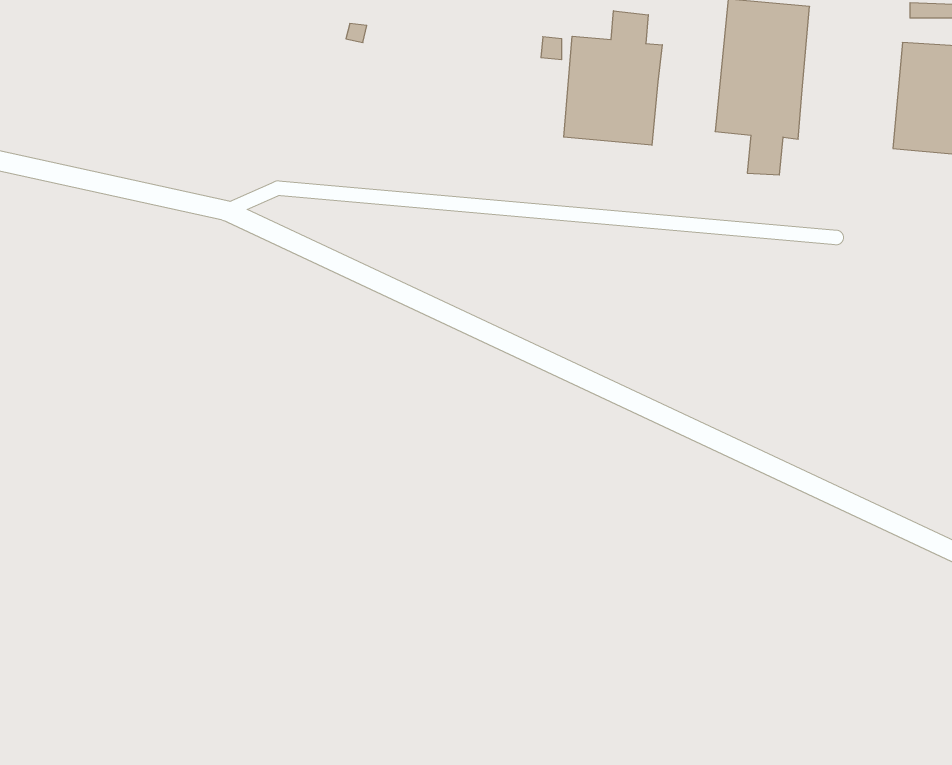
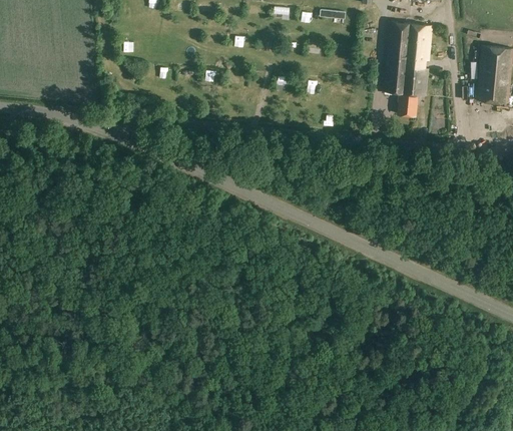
building: [564,11,662,145] -> none

